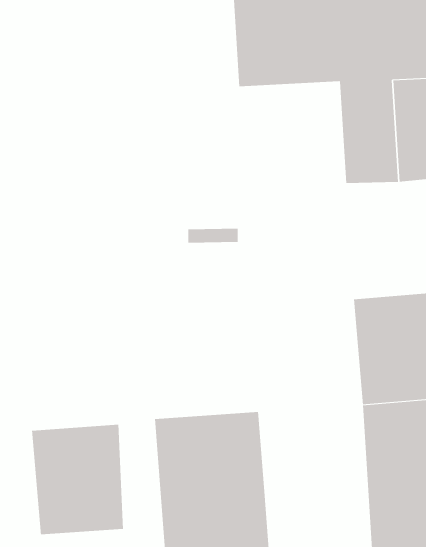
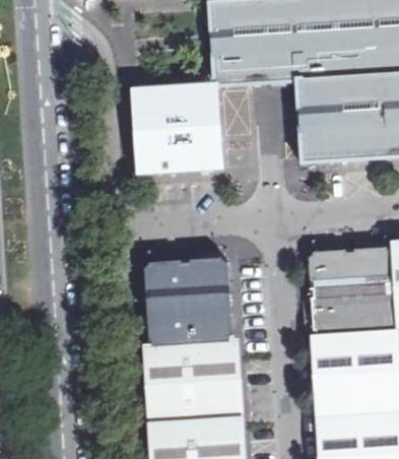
building: none -> [133,85,223,175]
building: none -> [143,257,232,350]
building: [31,424,124,535] -> none

